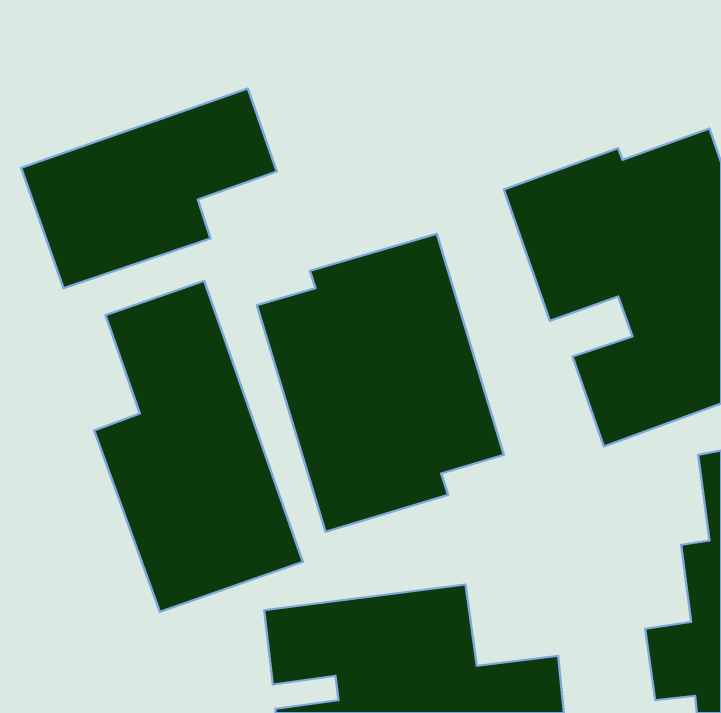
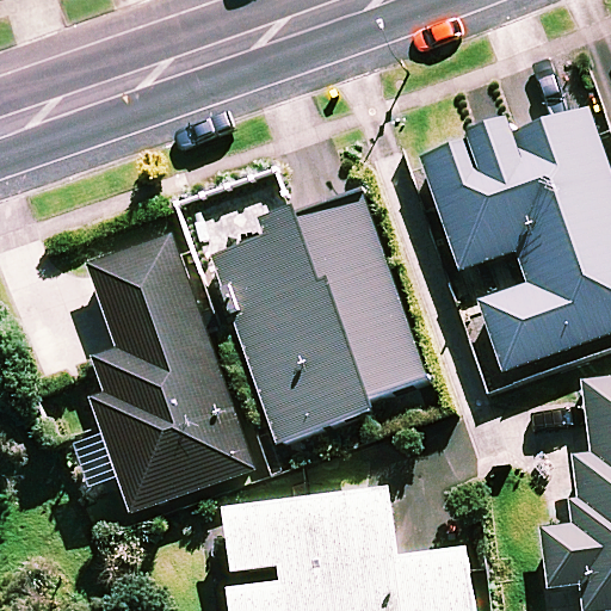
building: [21,89,277,288] -> none

